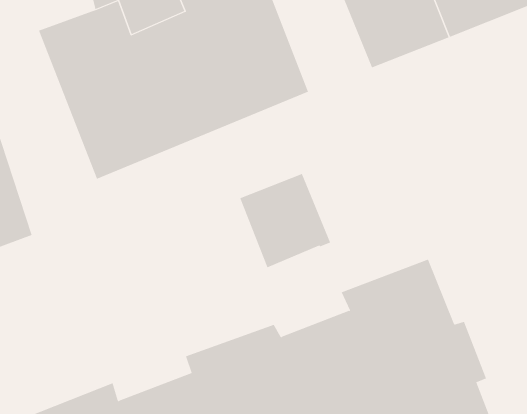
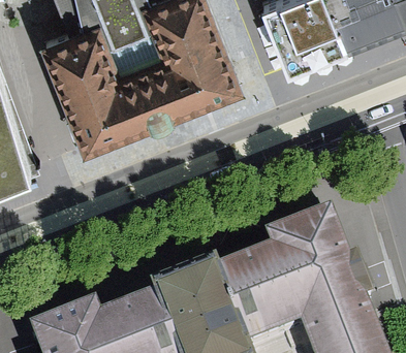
building: [239,173,331,268] -> none

